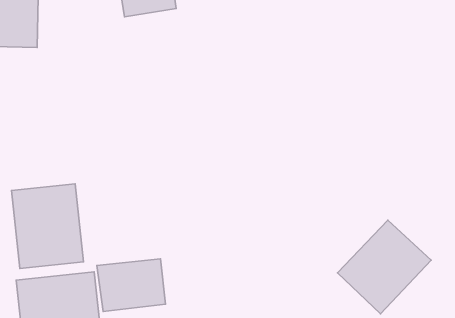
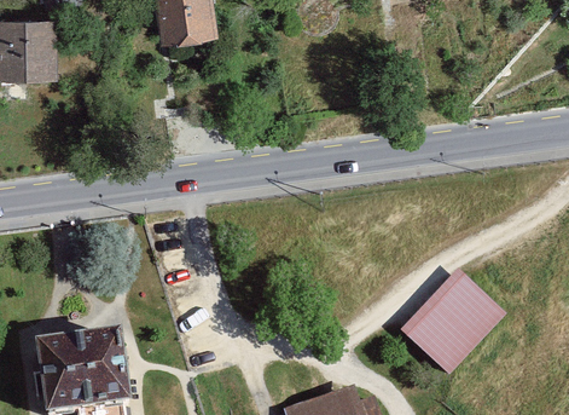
building: [12,184,84,269] -> none
building: [97,259,165,312] -> none

